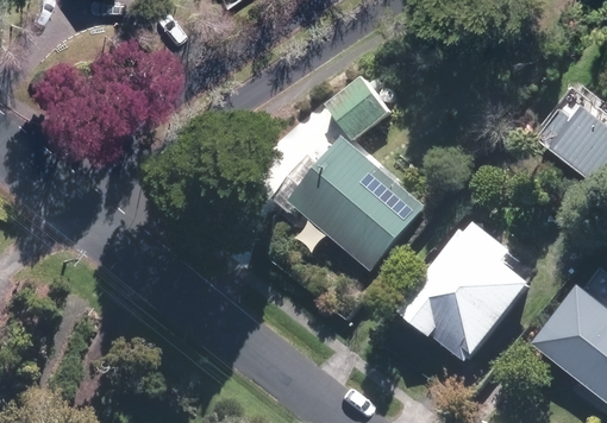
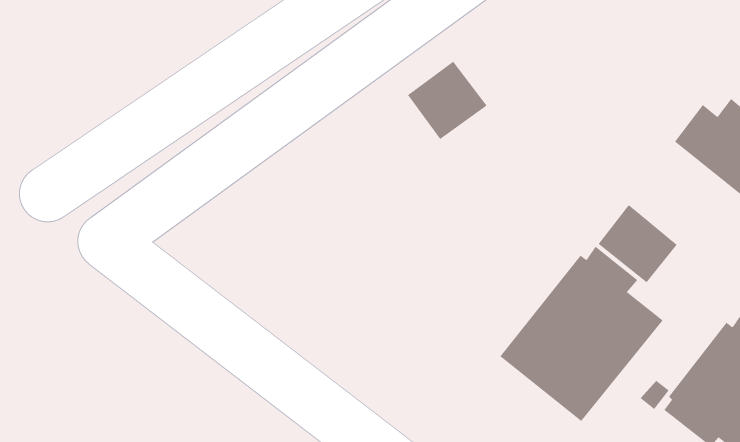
building: [281,138,430,273] -> none
building: none -> [598,204,678,283]

